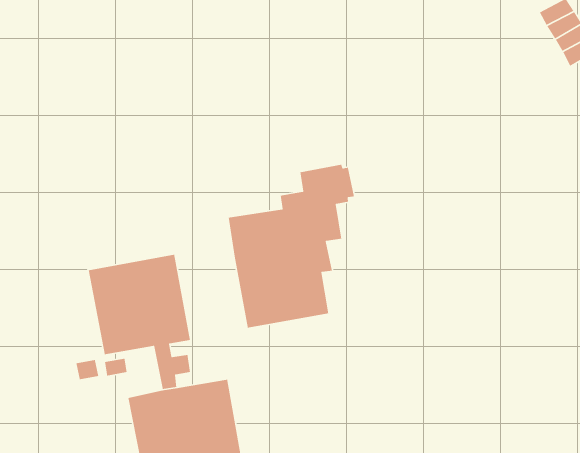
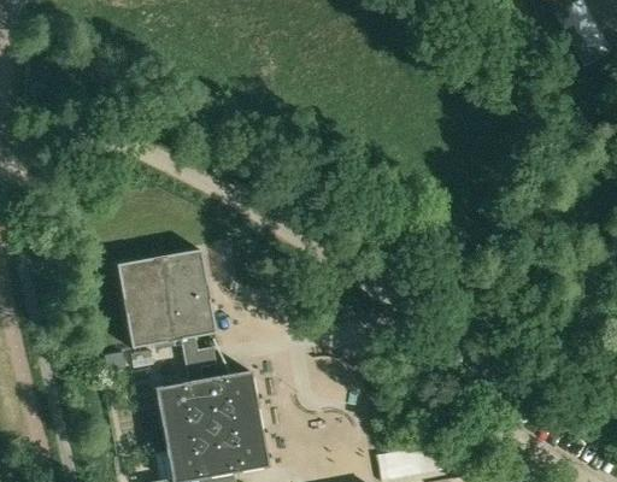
building: [228,164,355,328] -> none

